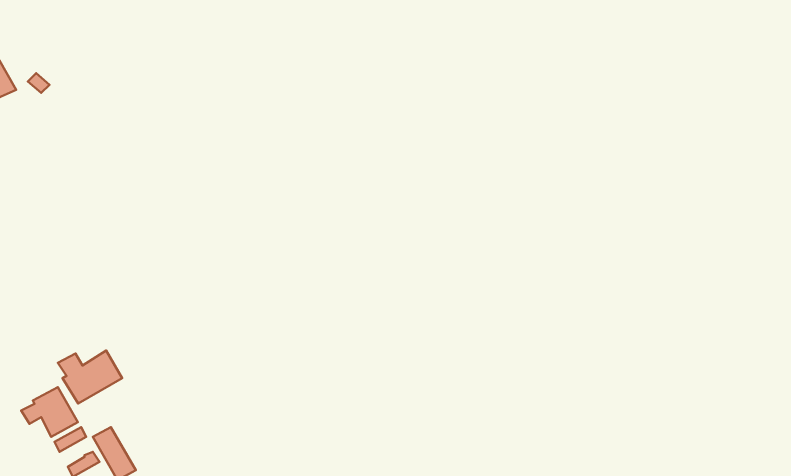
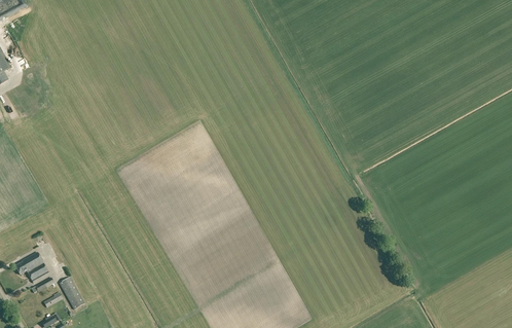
building: [58,351,122,403] -> none

